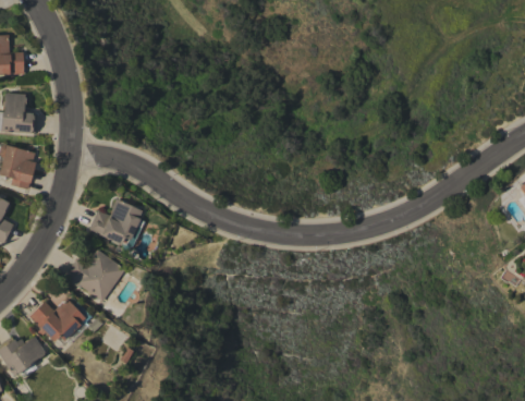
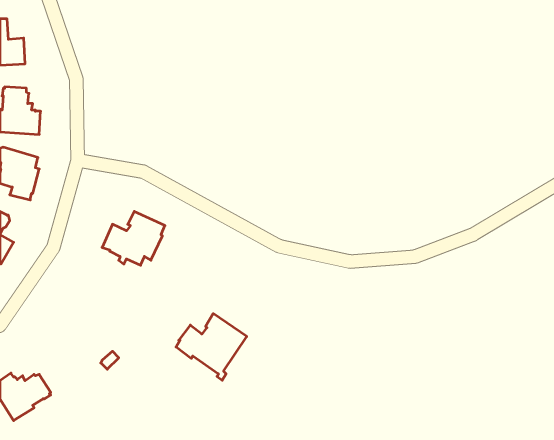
building: [64,248,124,305] -> [176,314,247,380]
building: [28,297,91,341] -> none

